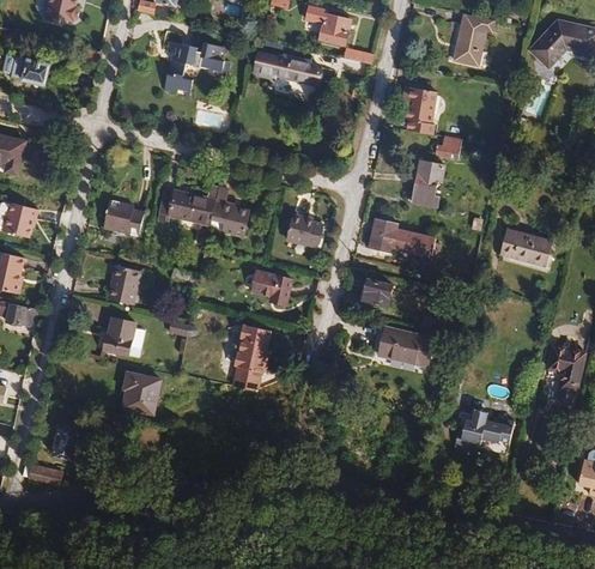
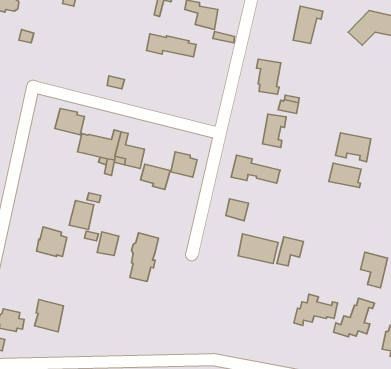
building: [164,41,227,97] -> none
building: none -> [336,133,371,162]
building: [103,200,144,236] -> [55,109,85,135]
building: [107,265,140,304] -> [69,201,94,229]
building: [251,271,292,305] -> [140,164,170,190]
building: none -> [97,232,119,255]
building: none -> [277,237,303,266]
building: [121,371,160,416] -> [35,300,63,332]
building: none -> [333,298,374,337]

